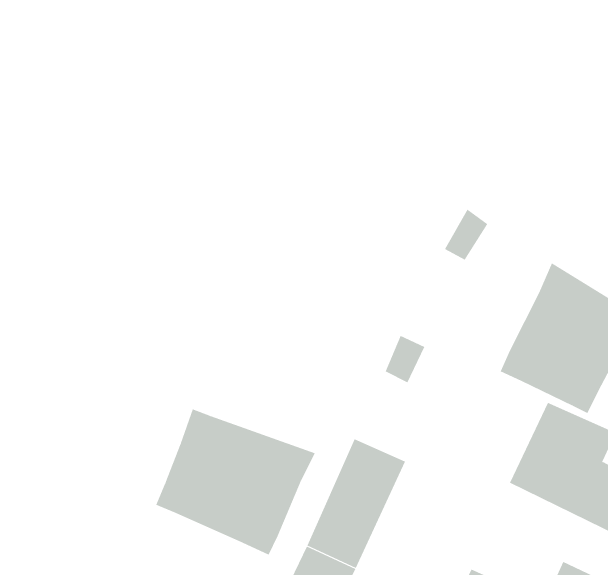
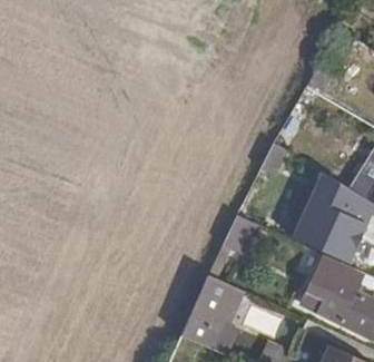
building: [156,409,315,556] -> none

